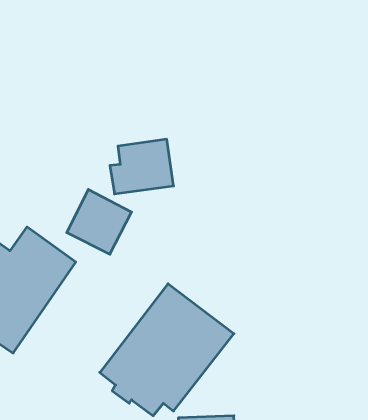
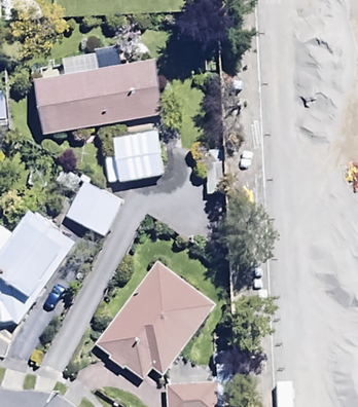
building: none -> [33,46,169,134]

